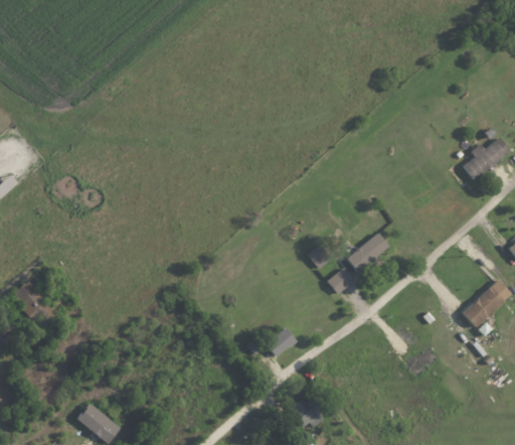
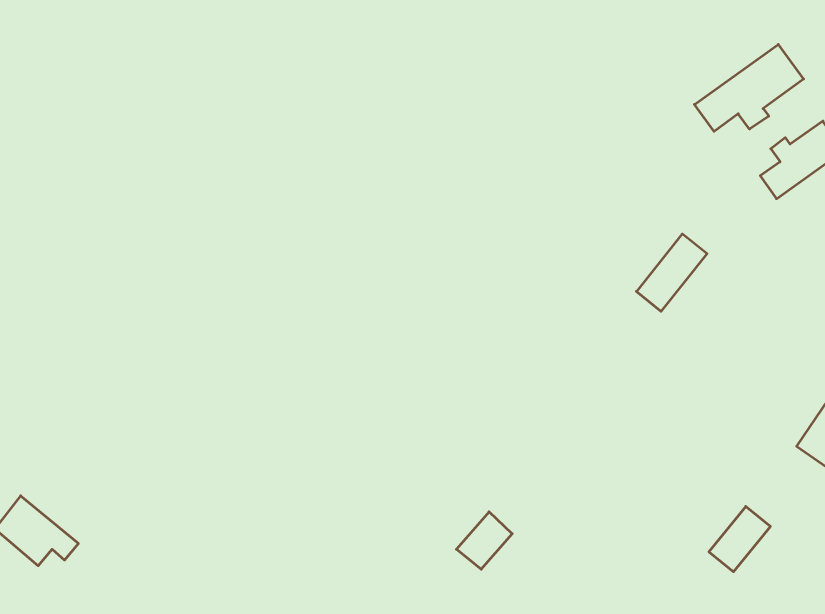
building: none -> [694,44,804,131]
building: [346,232,388,273] -> [636,234,707,311]
building: [327,267,354,294] -> none

